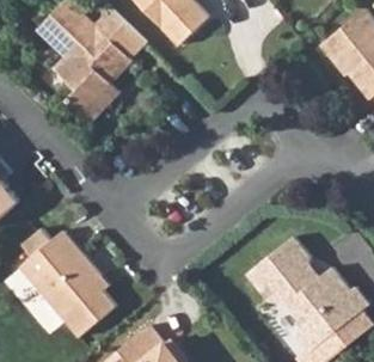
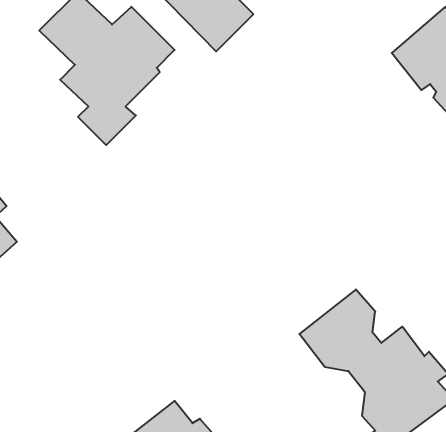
building: [19,225,114,335] -> none

